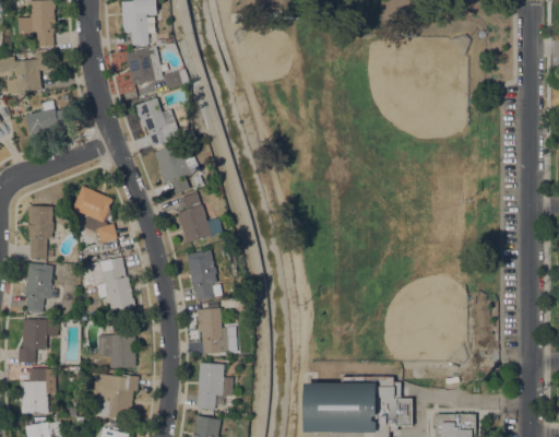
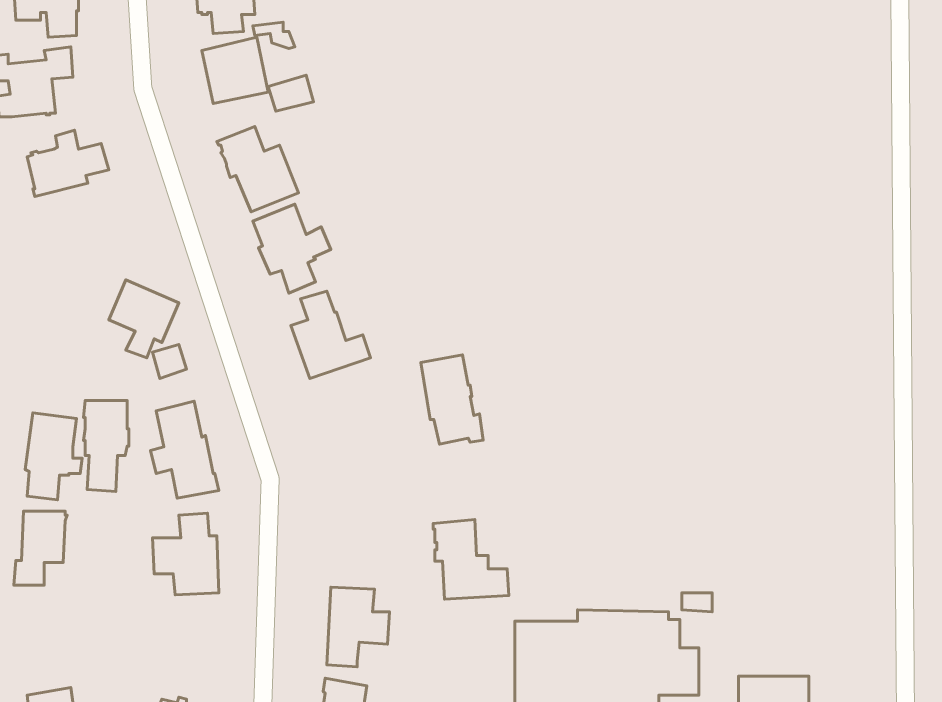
building: [27,206,53,259] -> [83,401,129,492]
building: [187,250,223,302] -> [421,355,483,444]
building: [197,308,240,354] -> [433,520,509,599]
building: [21,368,48,414] -> none
building: [90,374,139,420] -> none

